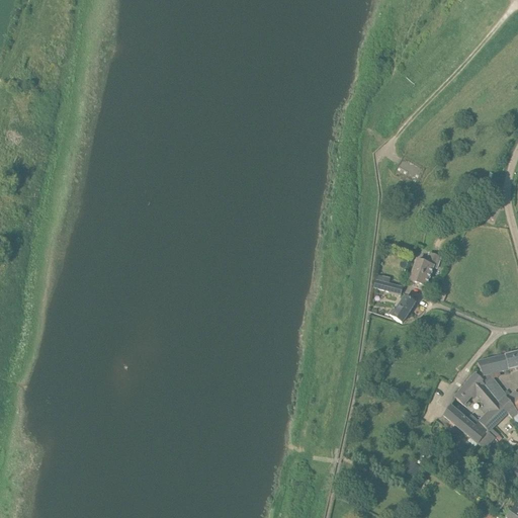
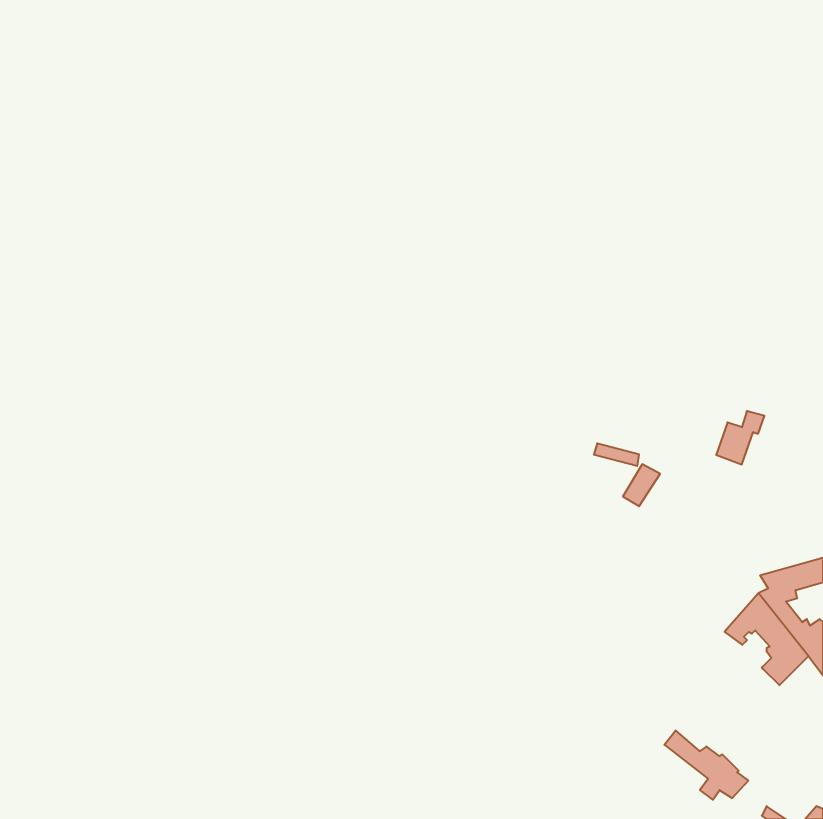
building: [409,252,439,285] -> [716,411,765,464]
building: [442,405,495,448] -> [664,730,748,800]

